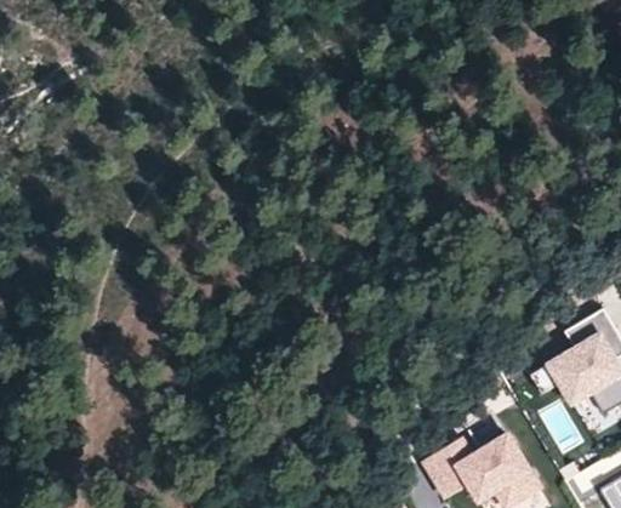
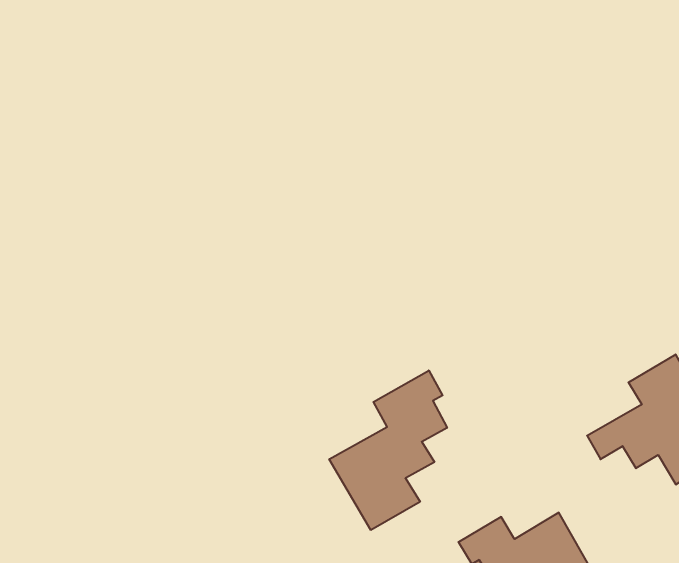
building: none -> [329,370,447,530]

